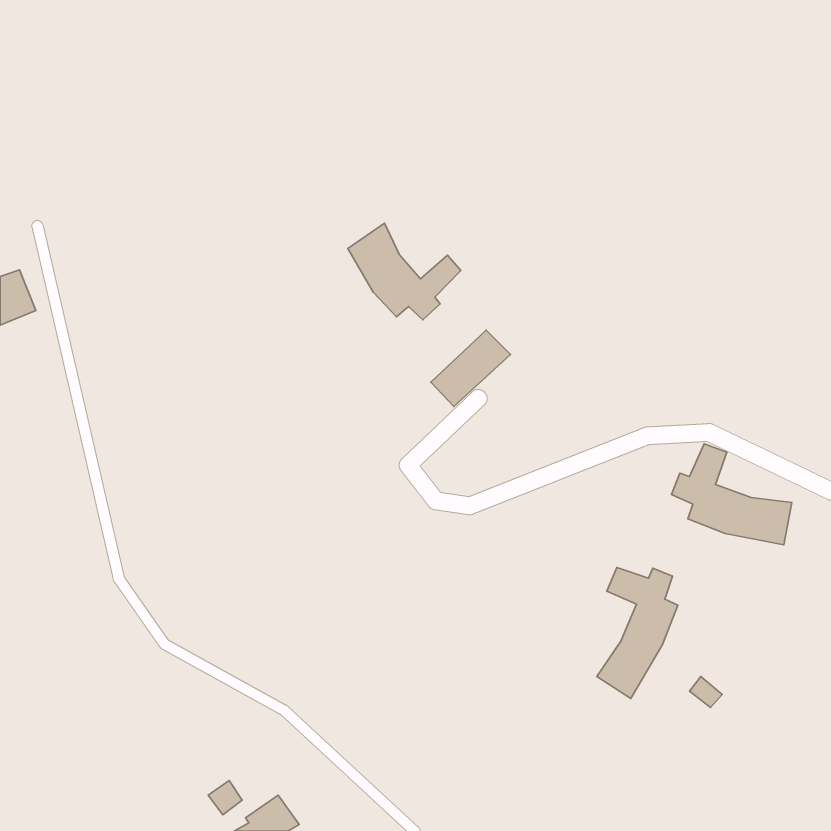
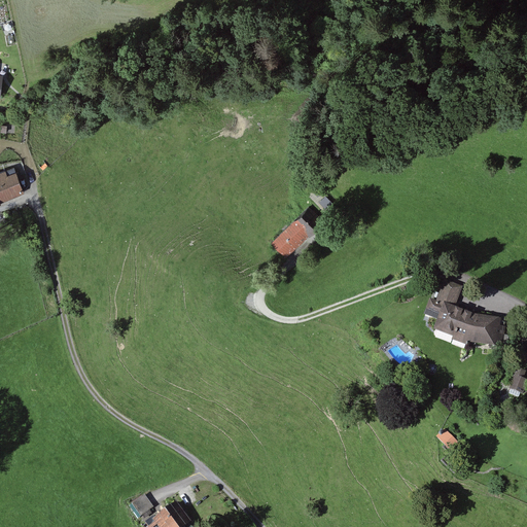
building: [348,223,461,320] -> none
building: [597,568,678,698] -> none

